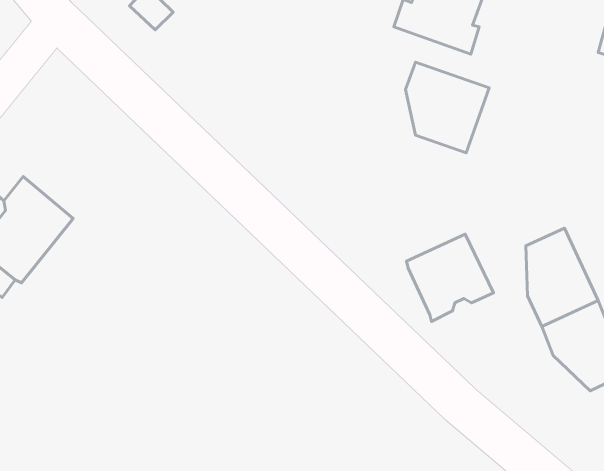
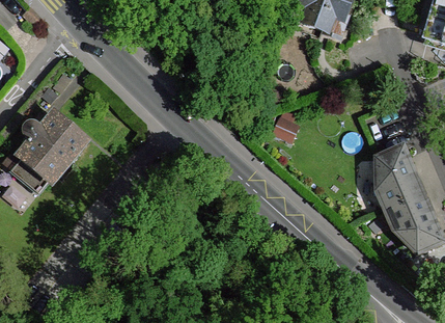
building: [405,62,489,153] -> none
building: [406,234,493,322] -> none

